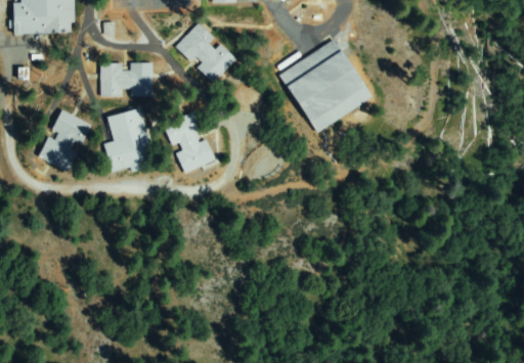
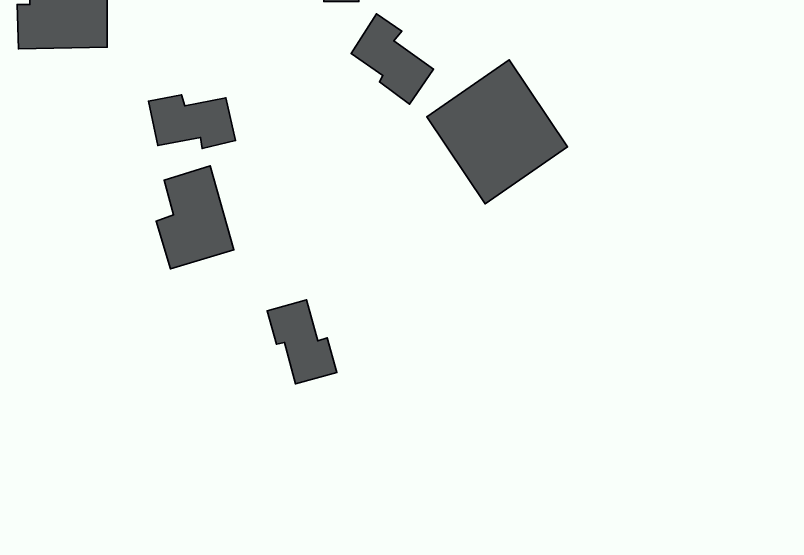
building: [179,22,232,81] -> [351,14,433,104]
building: [40,114,90,167] -> none
building: [167,116,212,170] -> [267,300,337,384]

